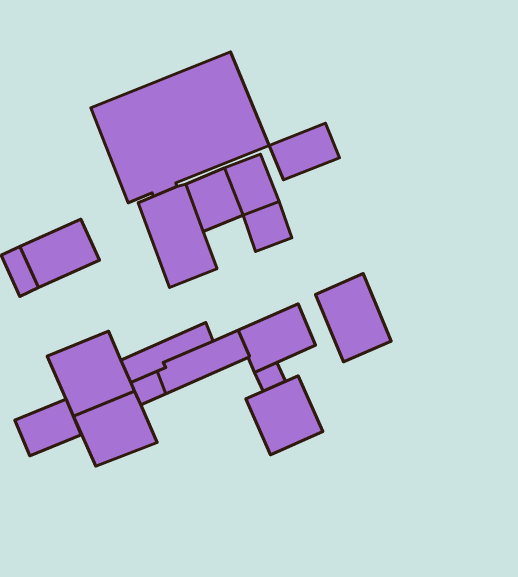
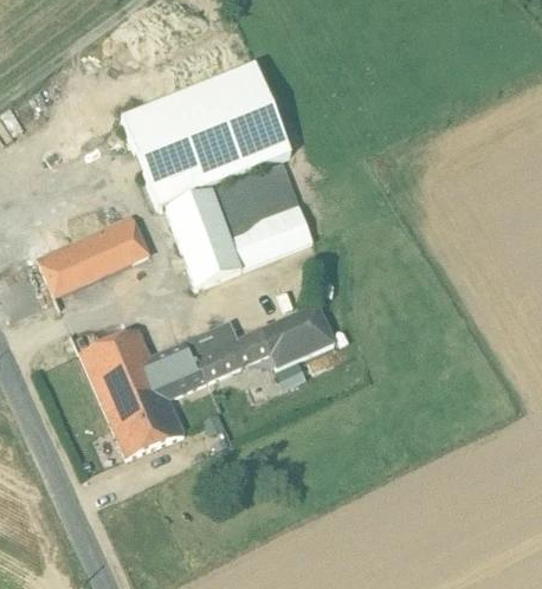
building: [269,123,340,180] -> none
building: none -> [111,215,148,263]
building: none -> [227,220,277,270]
building: [315,274,391,362] -> none
building: [246,376,323,455] -> none
building: [15,399,81,456] -> none

